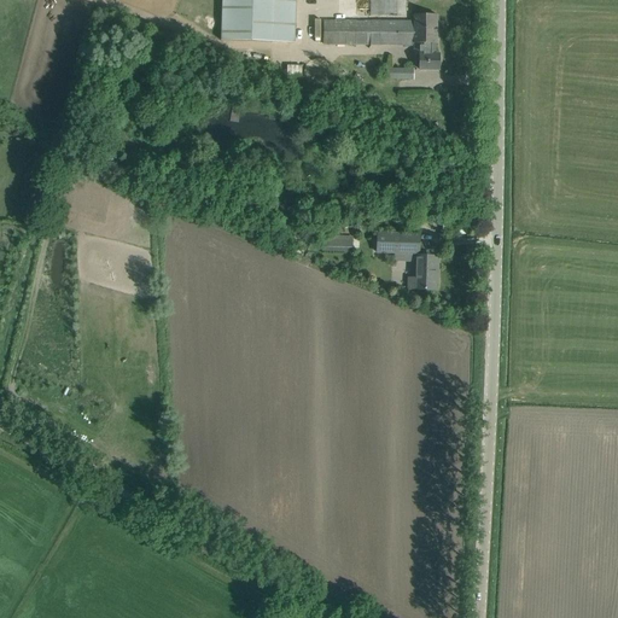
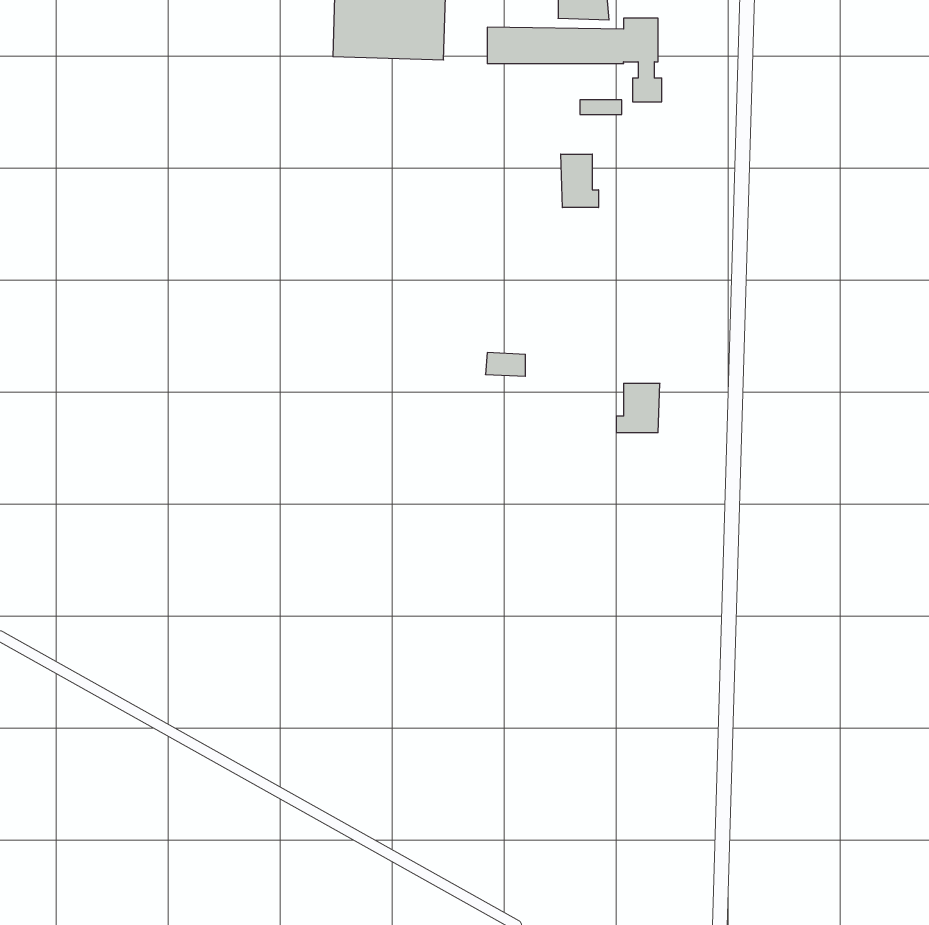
building: none -> [561,154,598,208]
building: [377,231,419,251] -> none

